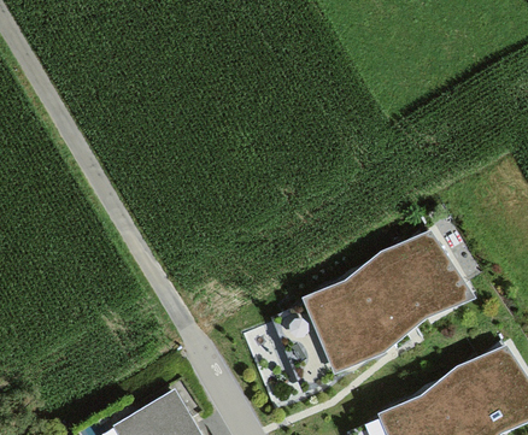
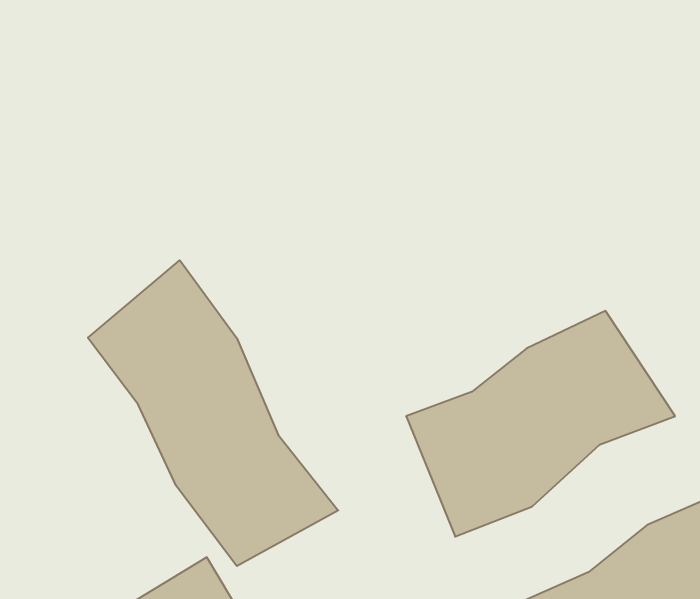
building: none -> [88,260,338,566]

